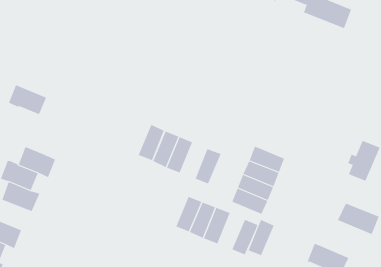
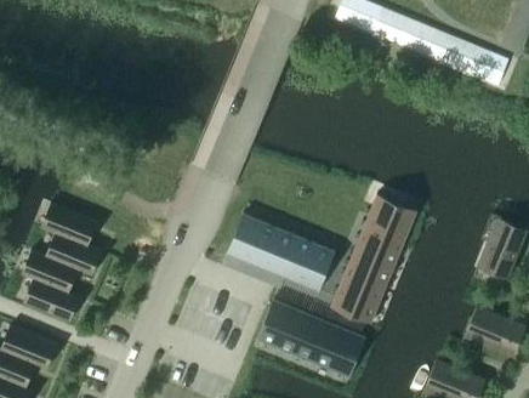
building: [8,85,47,115] -> [44,205,95,245]
building: none -> [360,194,417,250]
building: [138,124,165,161] -> [262,228,297,277]
building: none -> [300,244,335,292]
building: [248,219,274,256] -> [312,322,347,370]

